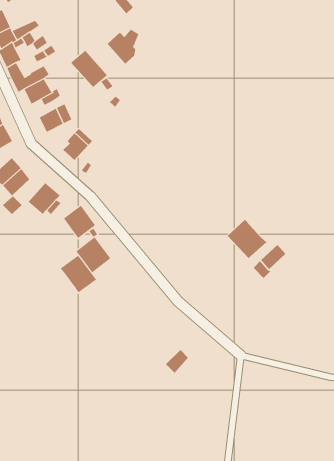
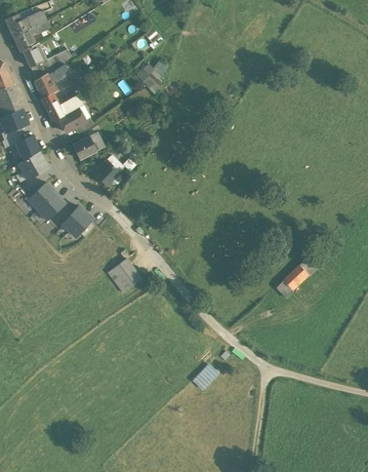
building: [70,50,108,88] -> none
building: [63,205,96,239] -> none
building: [227,219,267,259] -> none
building: [60,255,97,293] -> none

